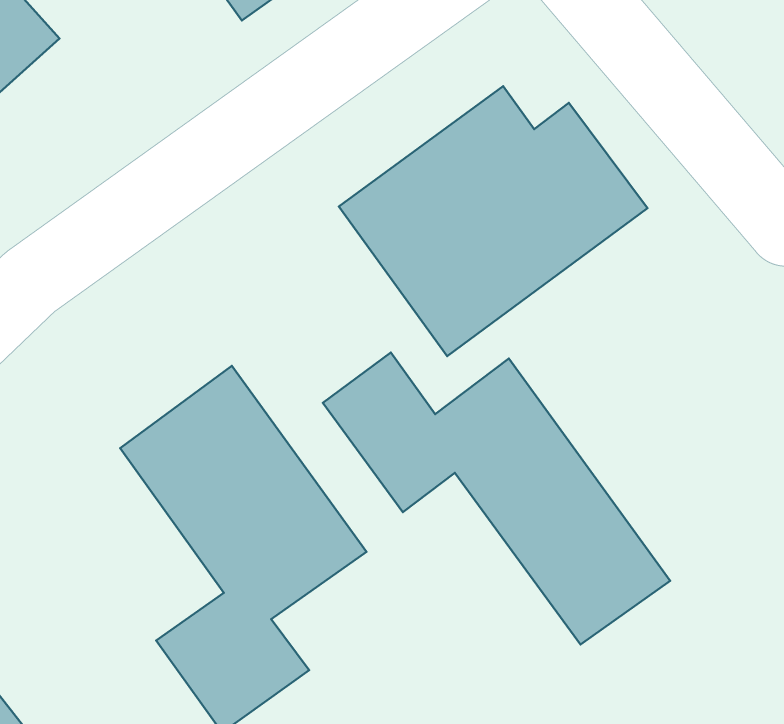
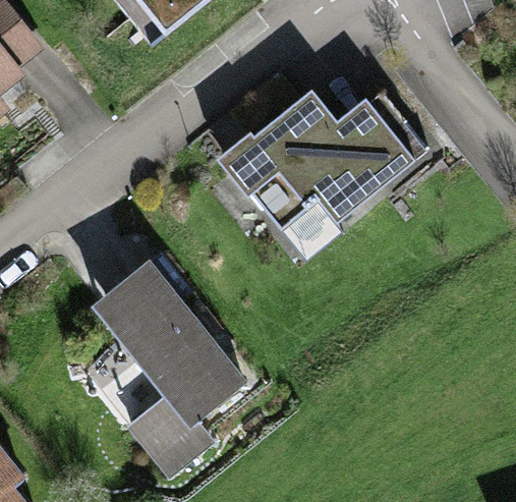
building: [323,352,670,645] -> none

